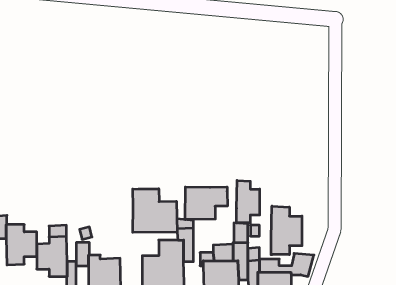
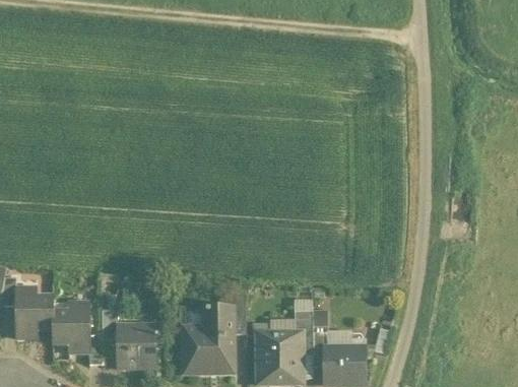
building: [237,180,260,223] -> none
building: [185,187,227,220] -> none
building: [133,189,177,232] -> none
building: [271,206,302,255] -> none

